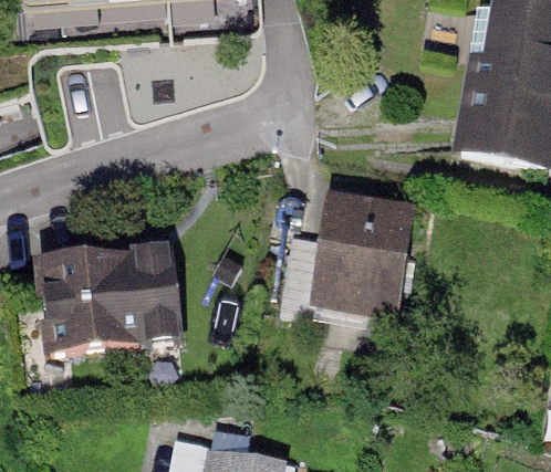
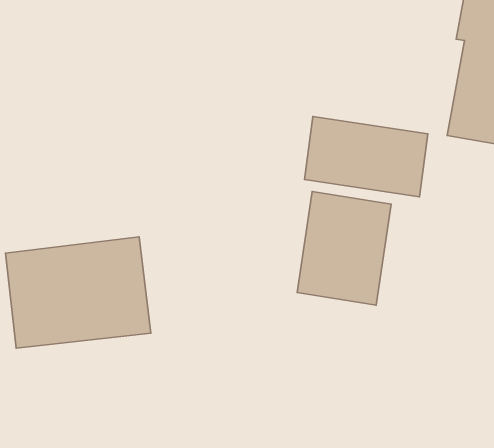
building: none -> [304,117,428,197]

